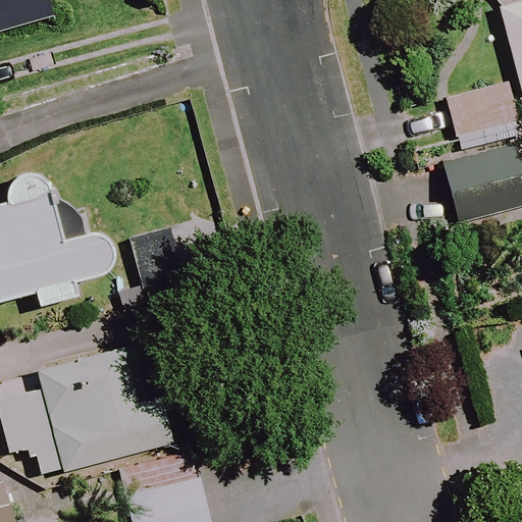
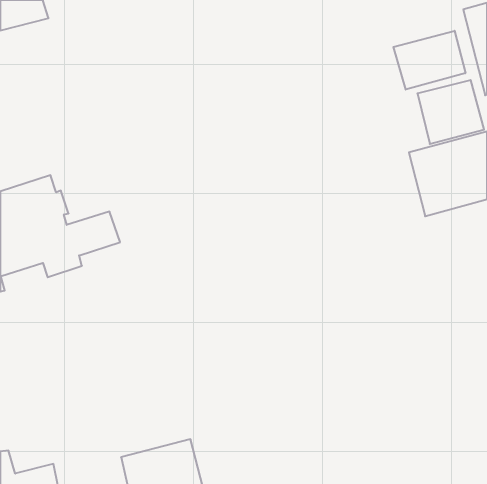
building: none -> [393,31,465,90]
building: [4,344,163,470] -> none

